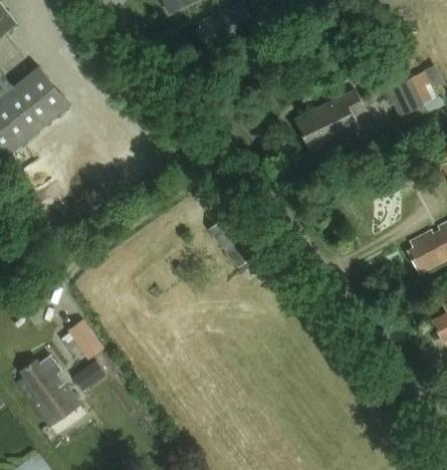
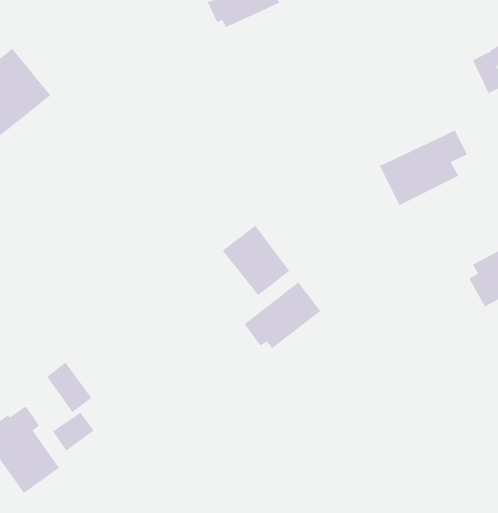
building: [385,76,423,115] -> none
building: [294,90,366,152] -> [379,130,468,206]
building: none -> [244,282,321,349]

